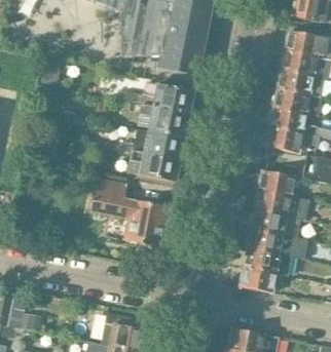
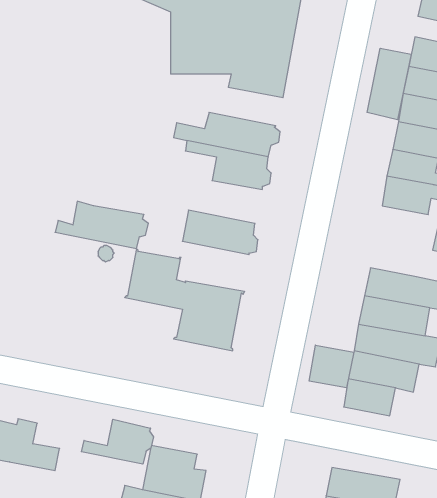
building: none -> [367,48,411,120]
building: [122,126,187,159] -> [55,201,148,249]
building: [259,170,295,196] -> none
building: none -> [309,345,354,388]
building: none -> [81,419,153,464]

